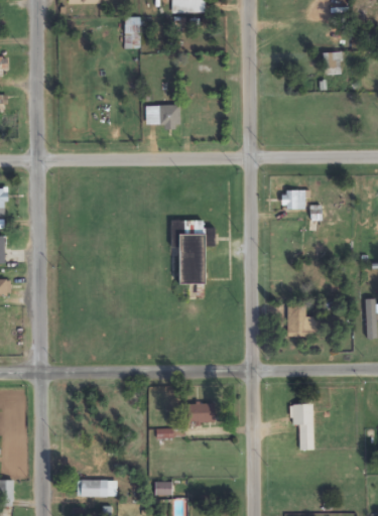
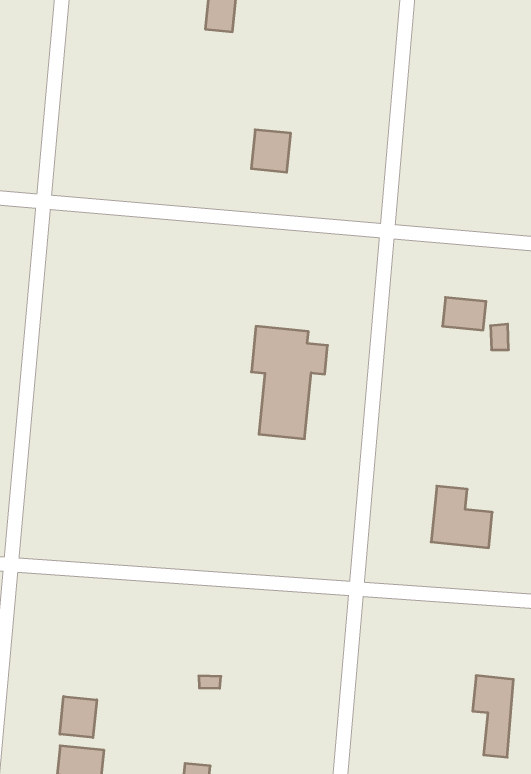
building: [184,403,215,421] -> none
building: [290,403,313,449] -> [473,676,513,757]
building: none -> [60,696,97,738]

